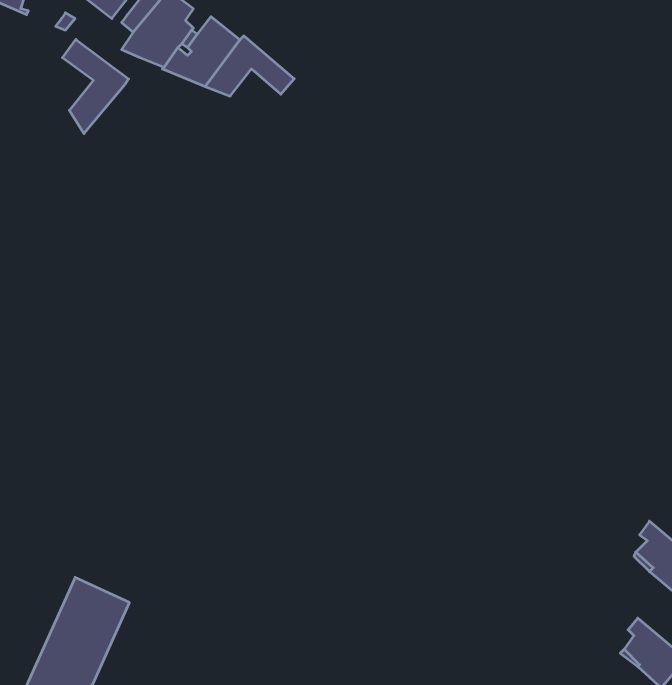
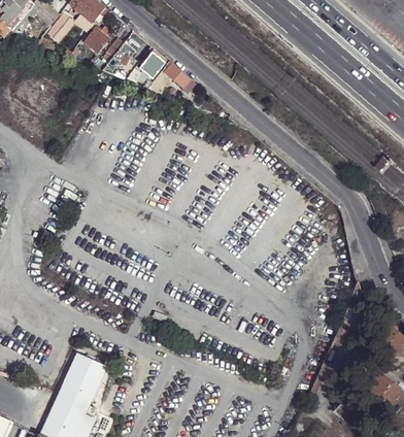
building: [62,39,129,134] -> none

